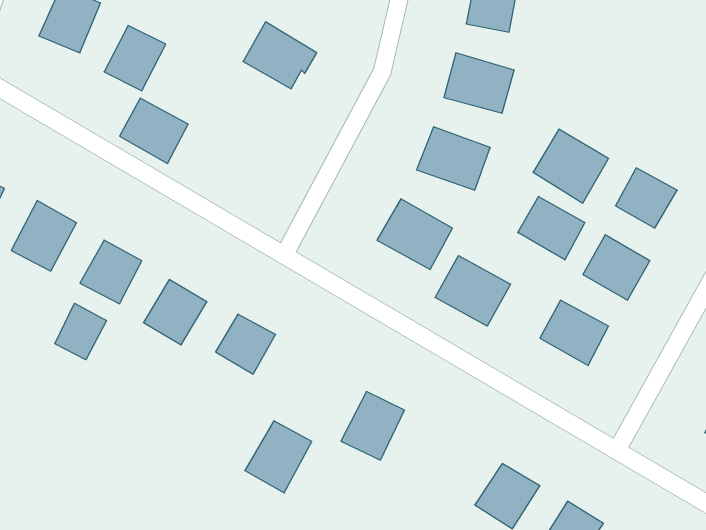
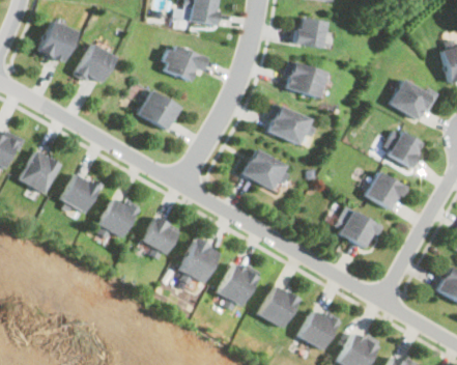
building: [120,98,188,164] -> [138,91,179,131]
building: [533,129,609,203] -> [389,78,434,122]
building: [518,196,585,260] -> none
building: [435,256,511,326] -> none
building: [55,303,106,360] -> none
building: [245,421,312,493] -> [180,240,221,283]
building: none -> [261,286,301,328]

